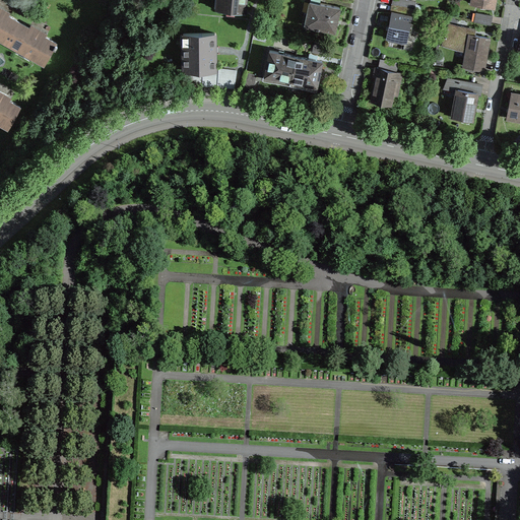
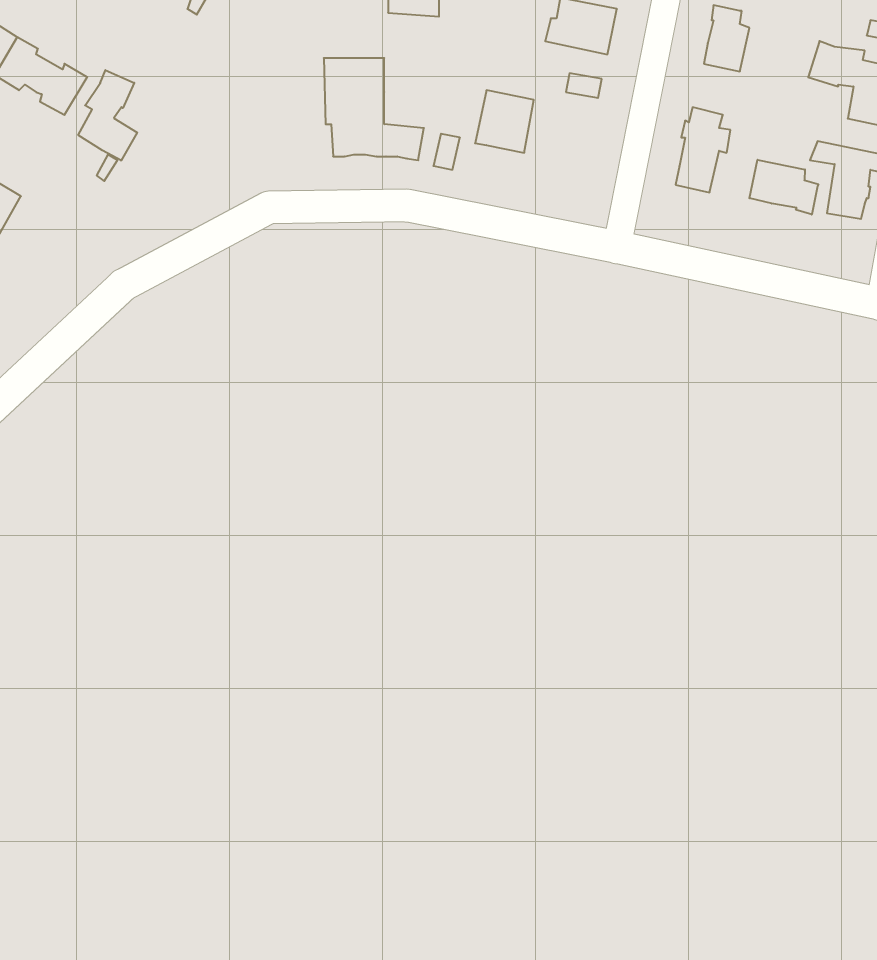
building: none -> [78,70,137,161]
building: [290,57,322,91] -> none
building: none -> [749,160,818,215]

